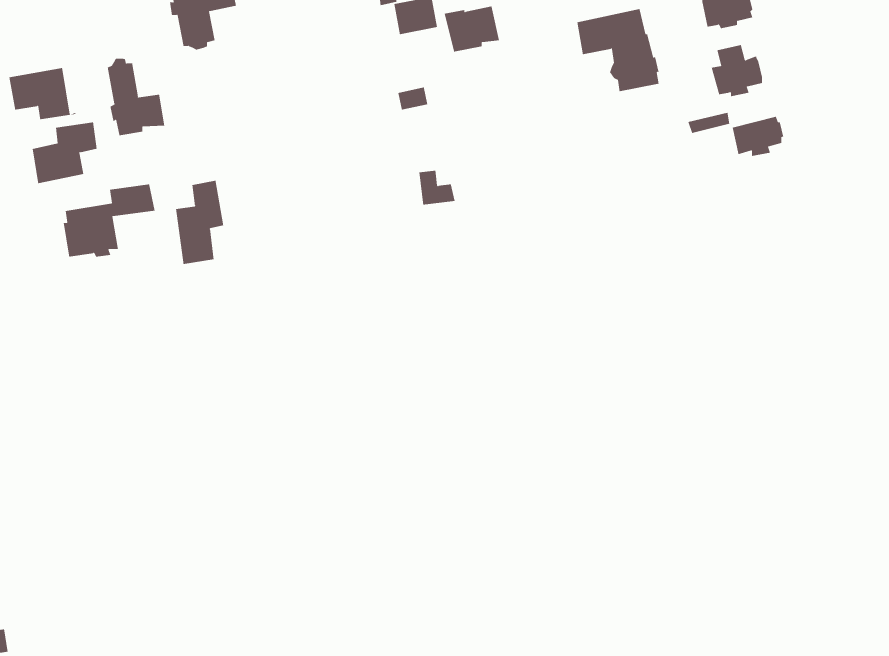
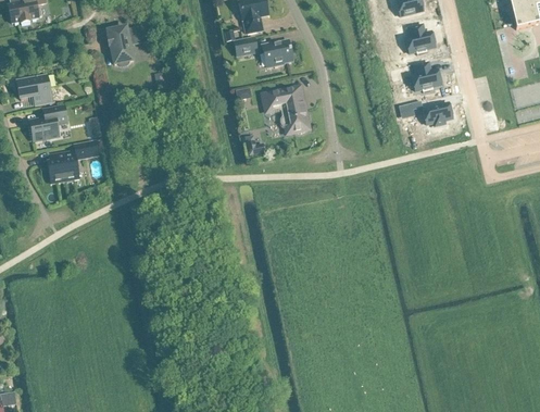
building: [576,9,660,92] -> [262,86,309,133]
building: [107,58,165,136] -> none
building: [176,180,224,265] -> none

